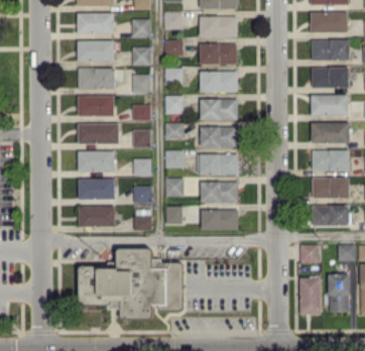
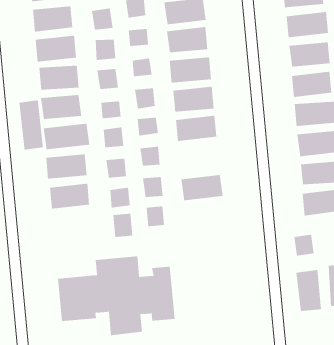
building: none -> [19,99,44,151]
building: [197,154,237,176] -> none
building: [78,206,114,227] -> none
building: [201,210,238,230] -> none

